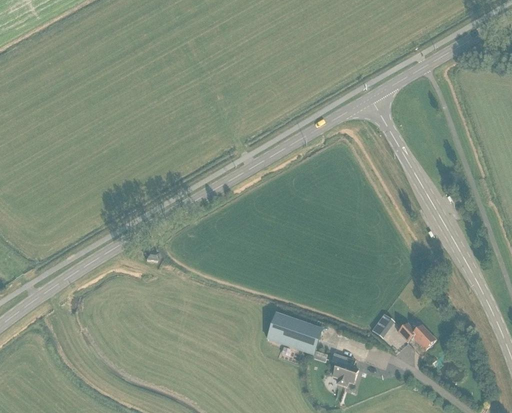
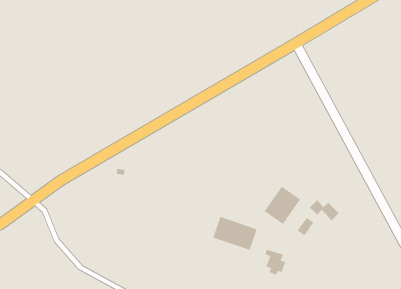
building: none -> [264,186,301,225]
building: [397,322,435,349] -> [309,199,339,221]

